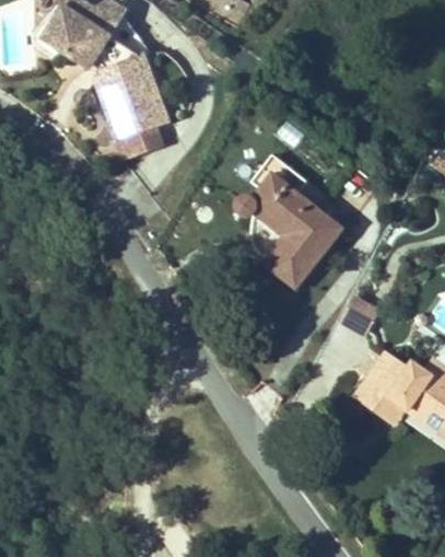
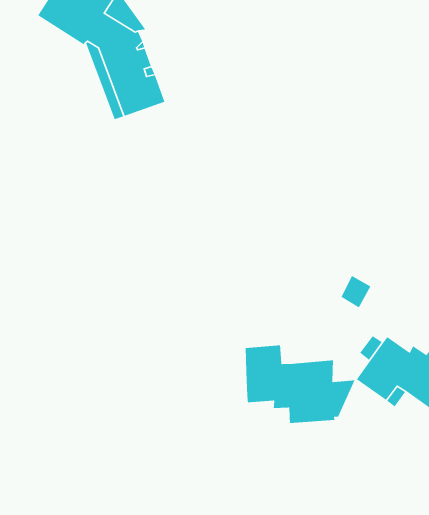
building: [237,167,346,283] -> none
building: none -> [245,344,356,424]

